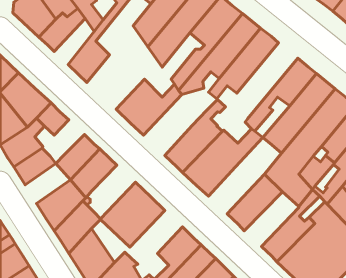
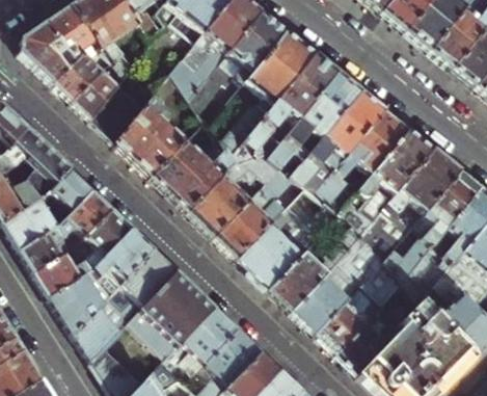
building: none -> [74,59,125,118]
building: none -> [115,88,189,176]
building: none -> [293,90,385,192]
building: none -> [188,149,282,235]
building: none -> [58,189,112,236]
building: none -> [271,221,364,310]
building: none -> [36,245,94,296]
building: none -> [121,247,178,316]
building: none -> [317,282,386,351]
building: none -> [164,306,238,373]

